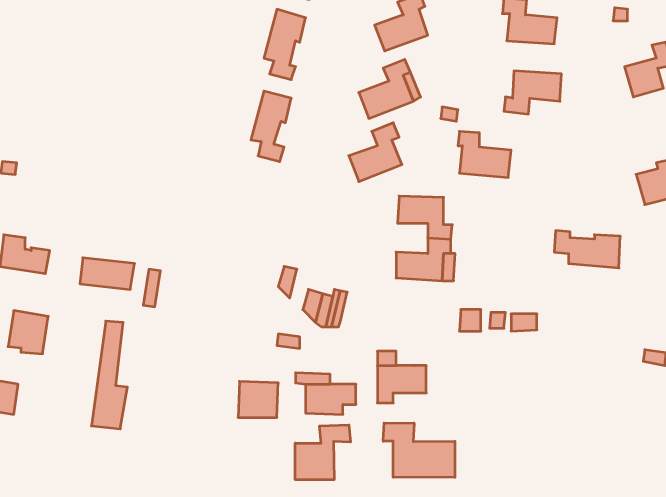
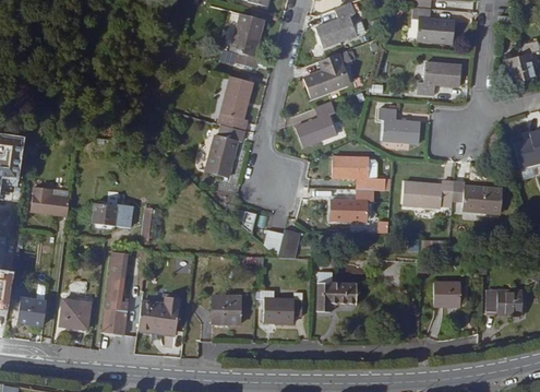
building: none -> [208,127,244,177]
building: none -> [404,180,454,206]
building: [8,311,48,354] -> [59,297,89,330]
building: none -> [433,283,459,306]
building: none -> [488,292,523,316]
building: none -> [139,293,180,332]
building: [383,423,455,477] -> none
building: [295,425,350,480] -> none

